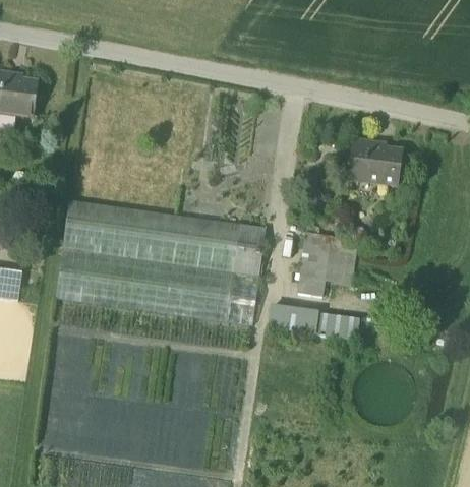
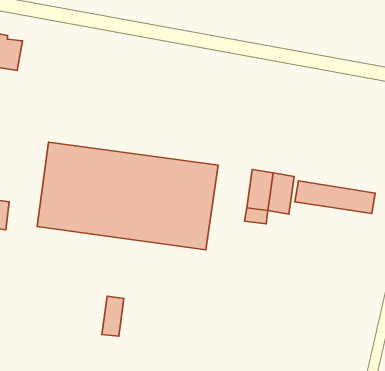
building: [348,140,402,185] -> none
building: [268,303,361,341] -> [295,181,375,213]
building: none -> [102,296,124,336]

